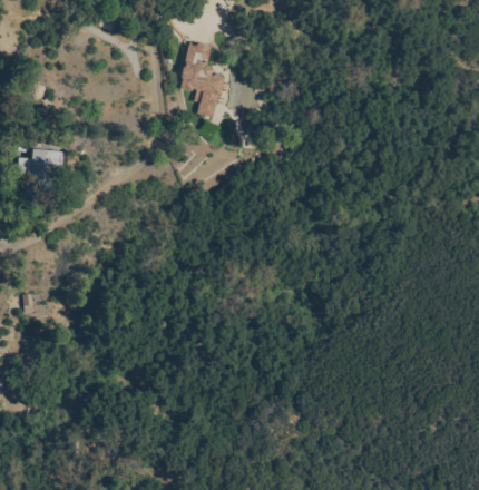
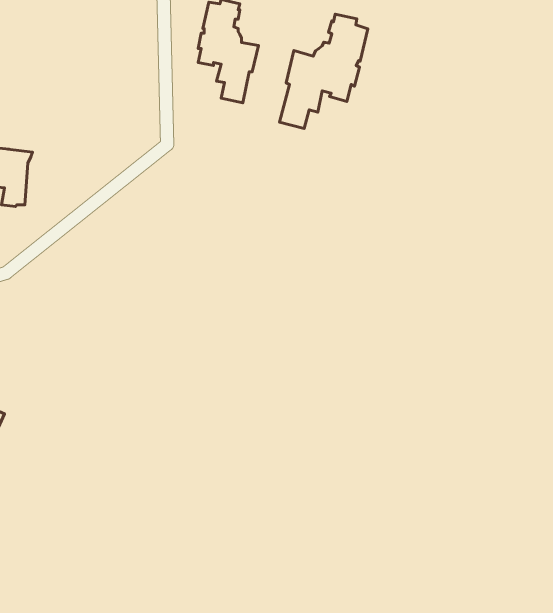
building: none -> [279,14,368,129]

